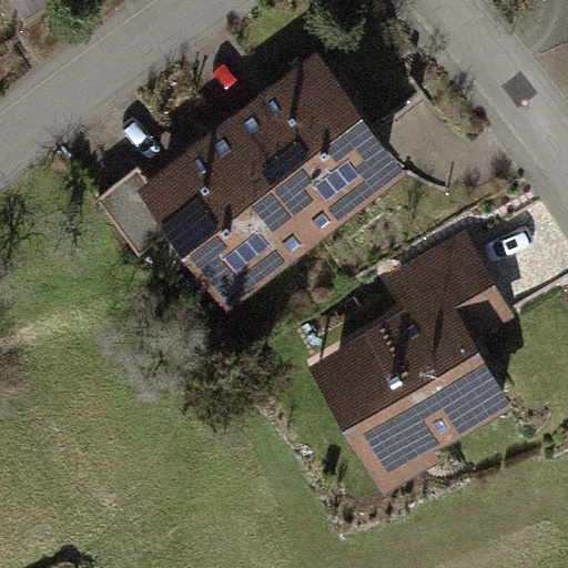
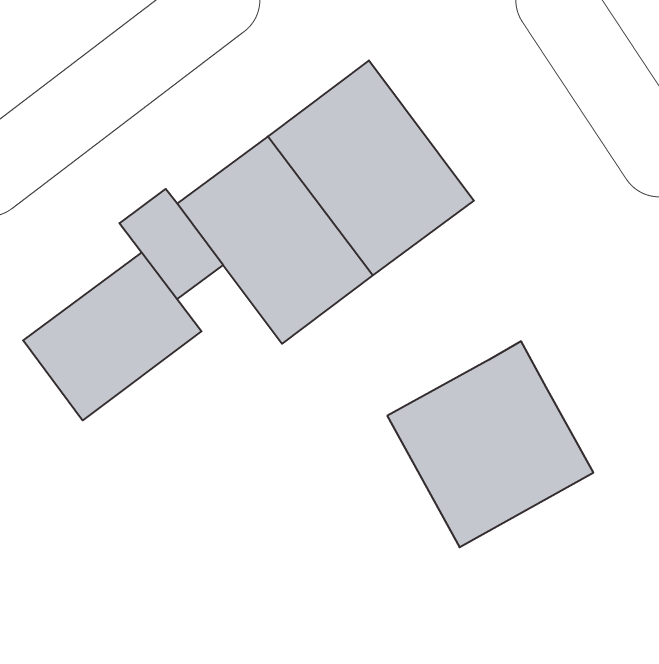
building: none -> [23,252,202,420]
building: [396,242,498,333] -> none

